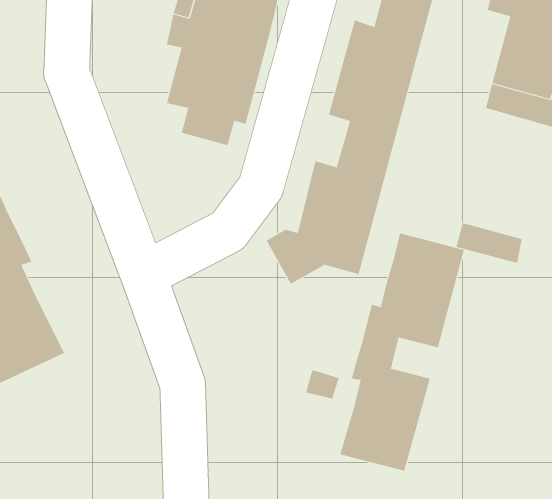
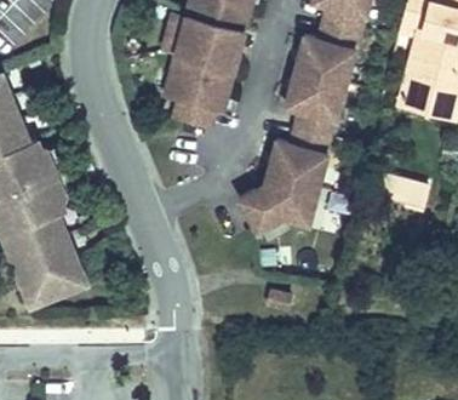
building: [340,233,465,472] -> none

